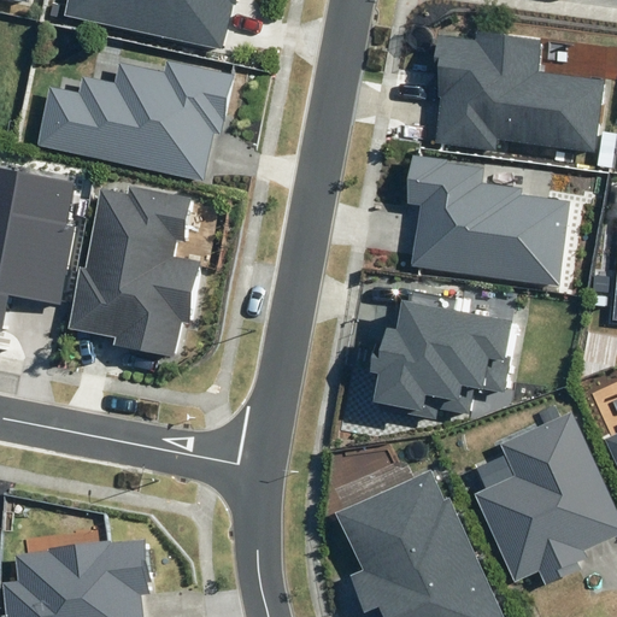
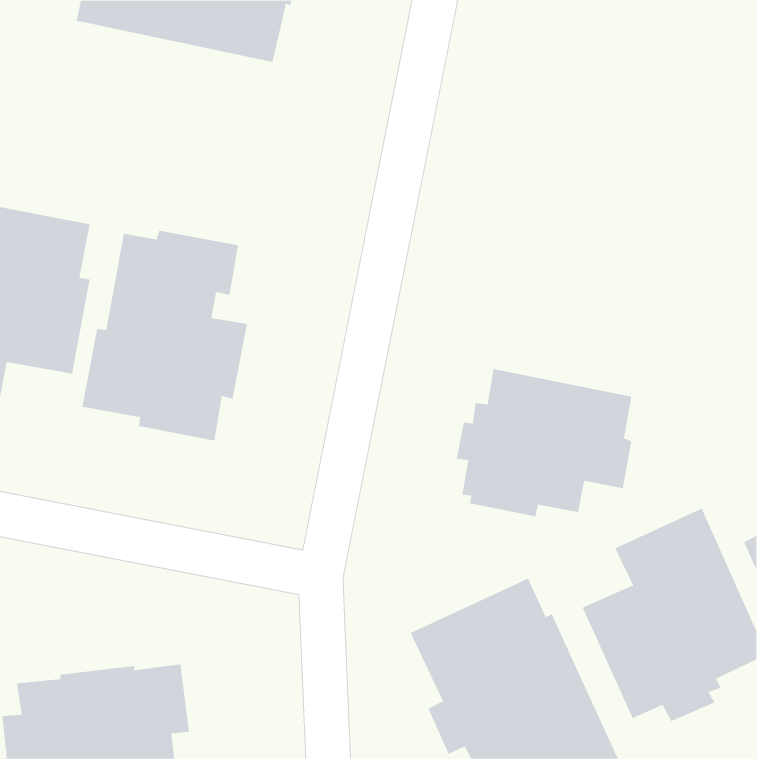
building: [433,31,601,152] -> none
building: [36,61,233,181] -> none
building: [405,155,569,286] -> none

